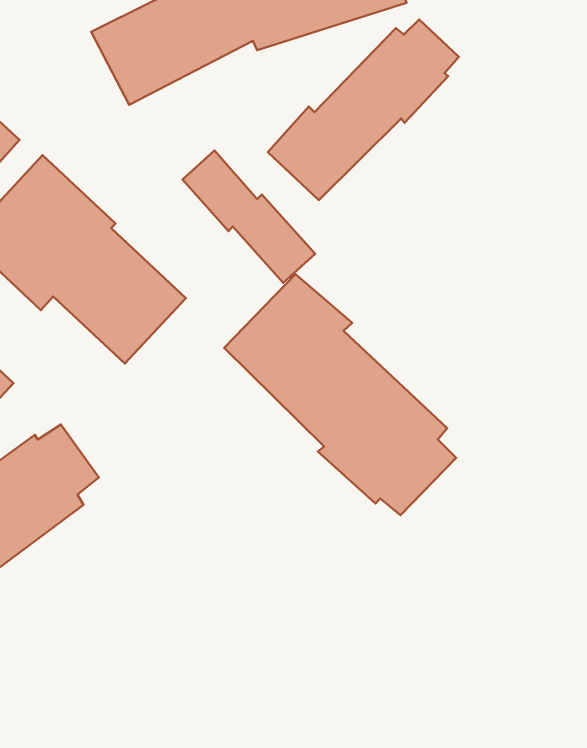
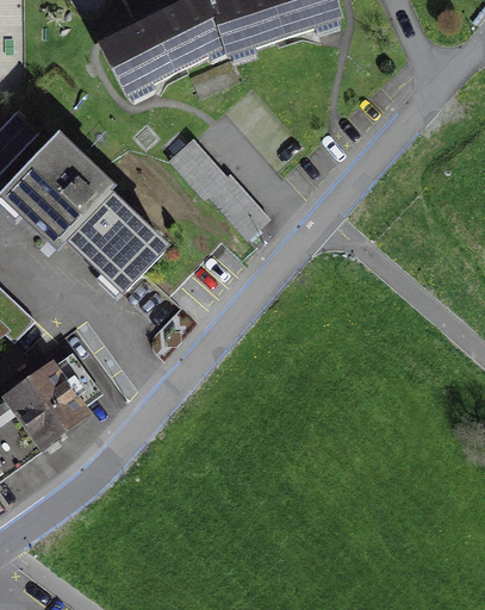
building: [268,19,459,200] -> none
building: [224,274,456,515] -> none

